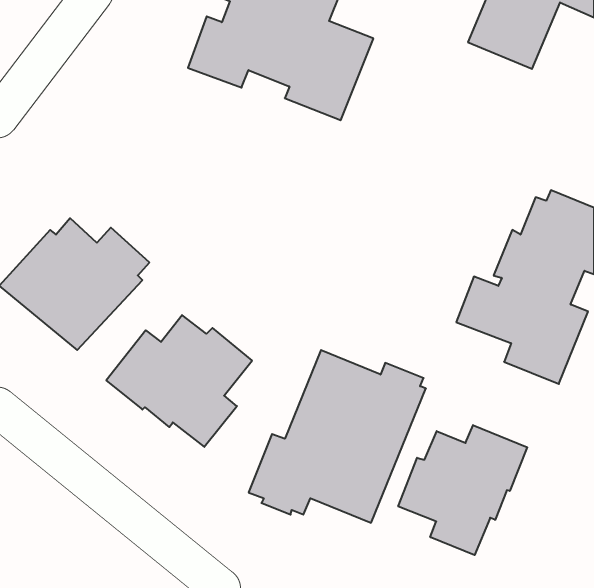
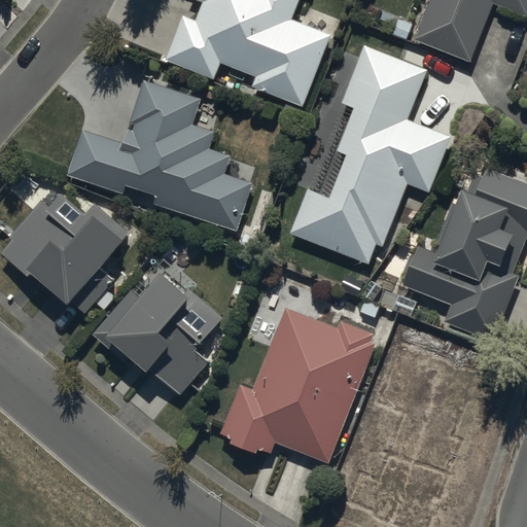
building: none -> [290,45,450,260]
building: none -> [66,79,252,231]
building: [398,425,527,555] -> none

